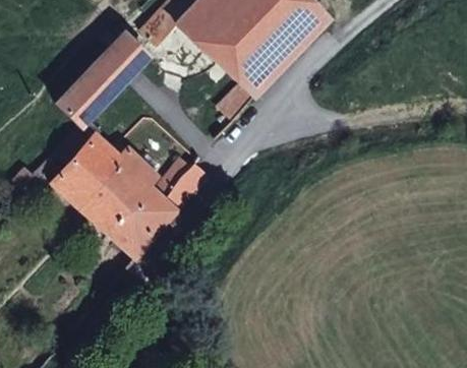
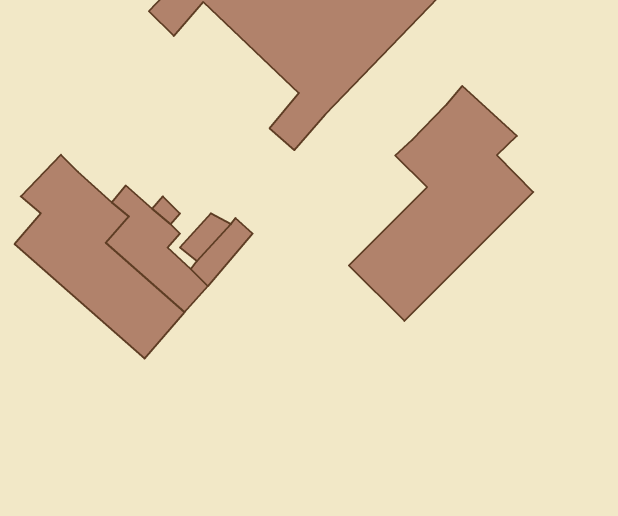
building: [57,29,147,123] -> none
building: none -> [349,86,533,321]

